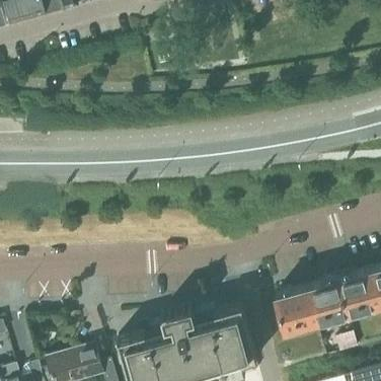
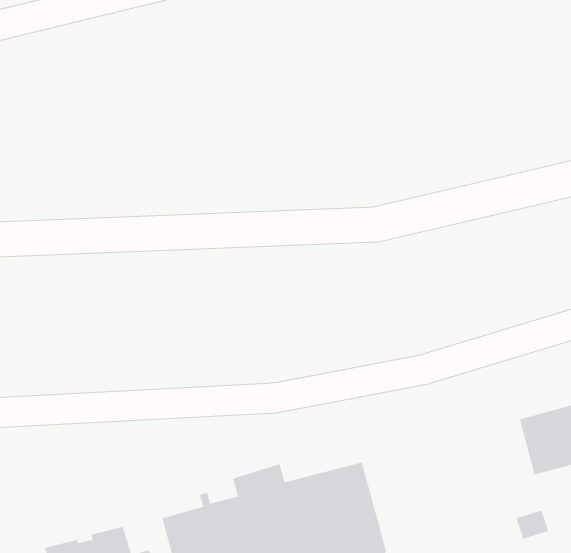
building: [275,278,347,329] -> none

